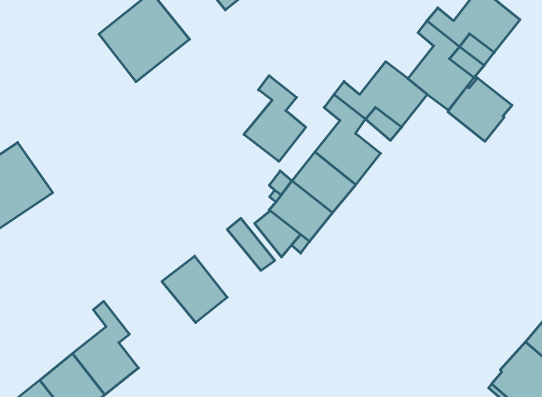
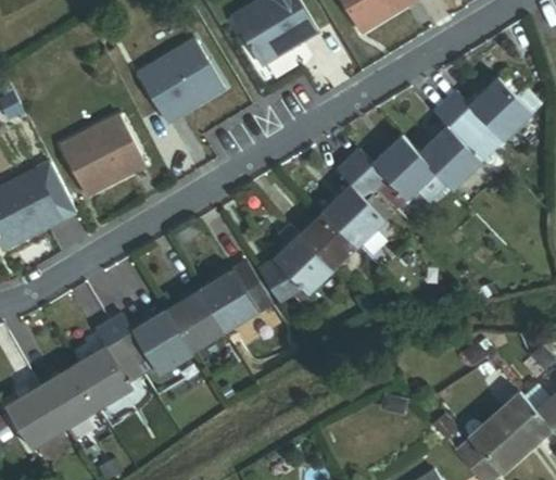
building: [244,76,306,161] -> none
building: [448,78,512,141] -> none
building: none -> [61,115,144,195]
building: none -> [199,270,258,333]
building: none -> [109,311,191,372]

